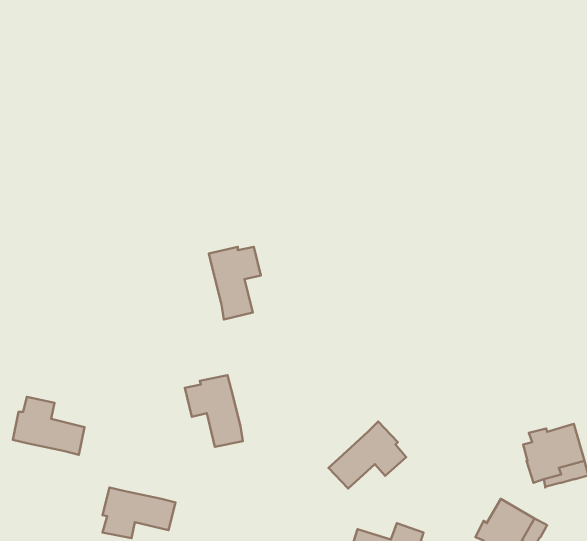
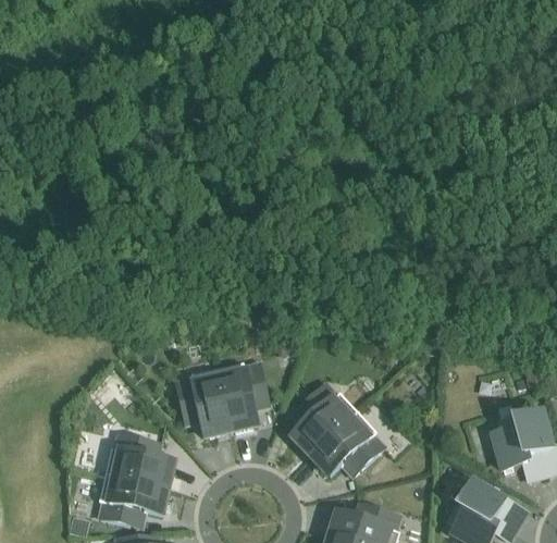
building: [209,247,261,320] -> [216,362,265,431]
building: none -> [294,384,358,456]
building: [13,397,85,455] -> [106,434,173,489]

